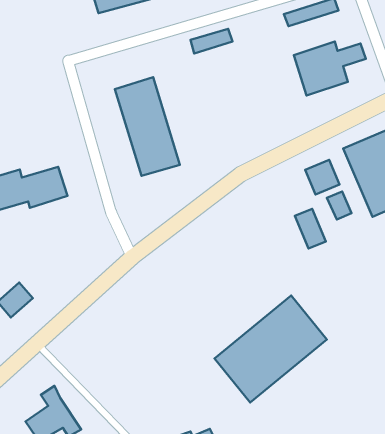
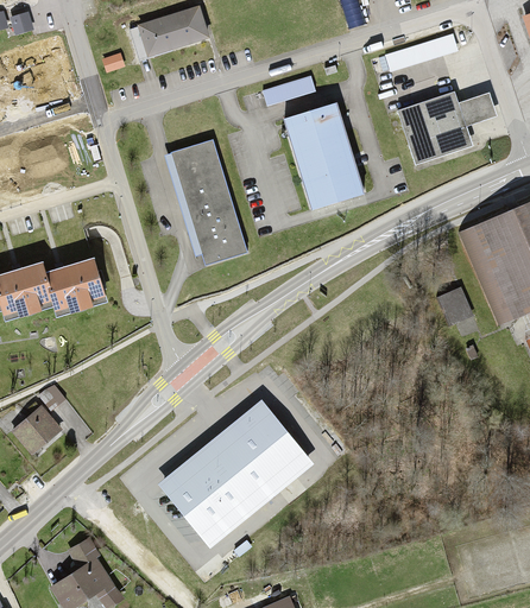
building: none -> [285,106,366,208]
building: [305,160,339,194] -> none
building: [295,209,326,249] -> none
building: [215,296,327,402] -> [162,399,308,538]

